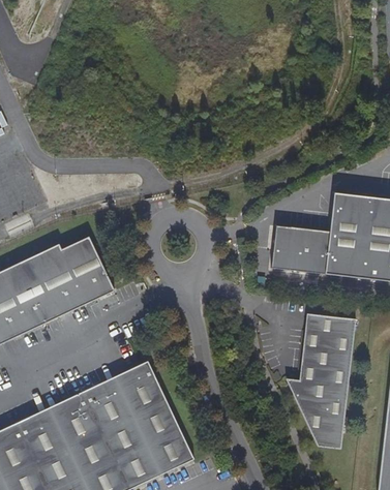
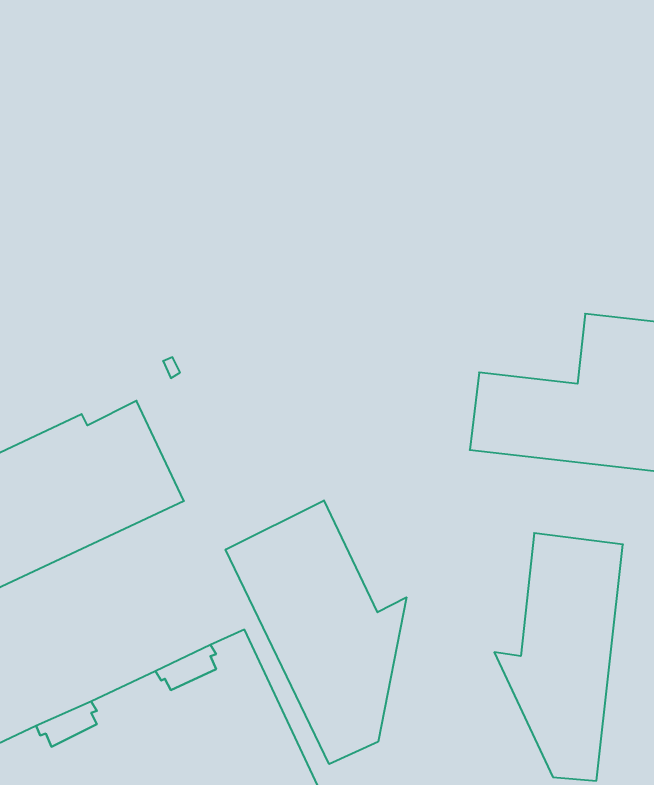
building: none -> [226,500,406,764]

